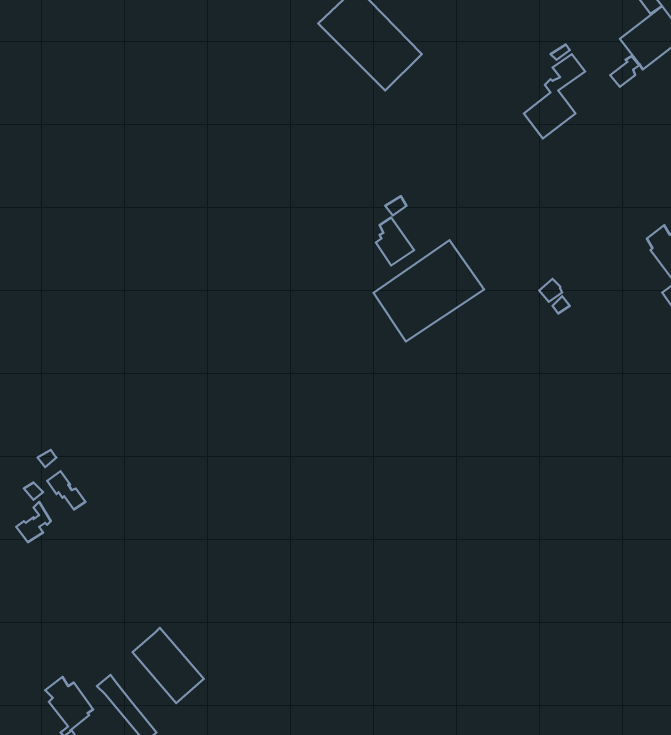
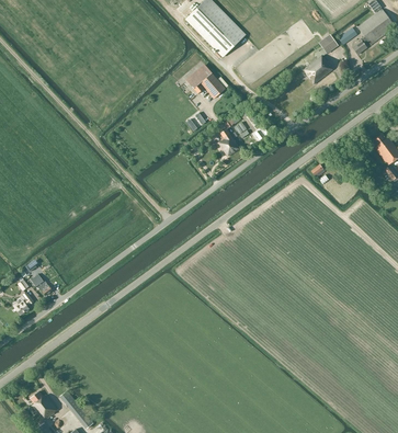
building: none -> [185,62,228,98]
building: [373,240,484,341] -> none
building: [132,628,204,703] -> none

